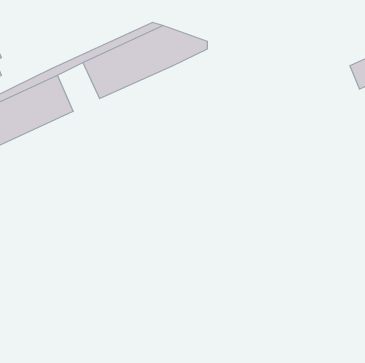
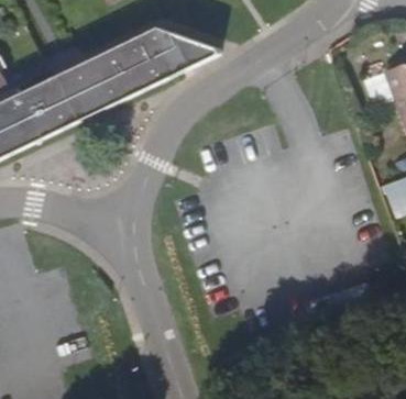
building: none -> [61,70,105,121]

